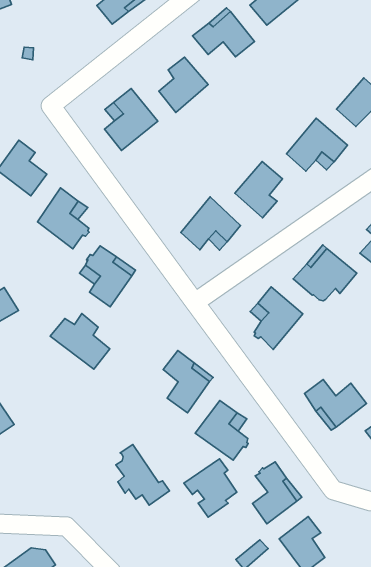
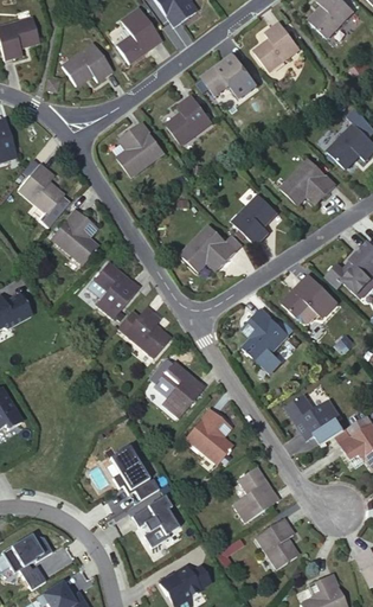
building: none -> [60,44,111,85]
building: [50,314,110,369] -> [115,306,168,357]
building: [184,459,237,517] -> [129,497,176,549]

